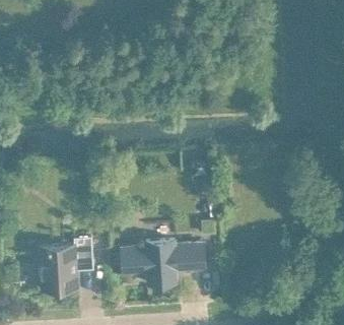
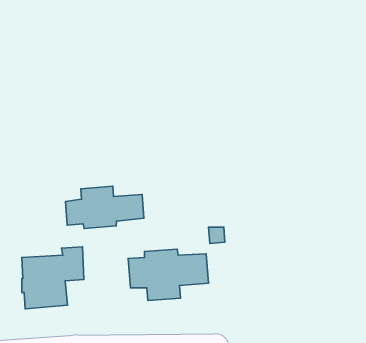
building: none -> [66,186,144,228]

